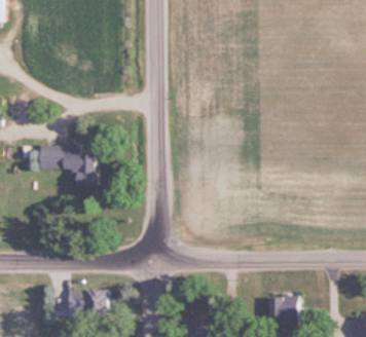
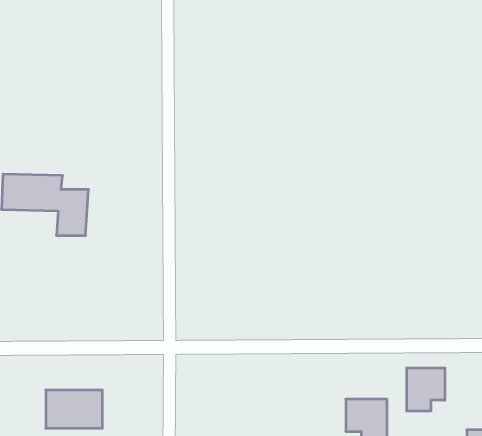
building: none -> [407,368,445,411]

